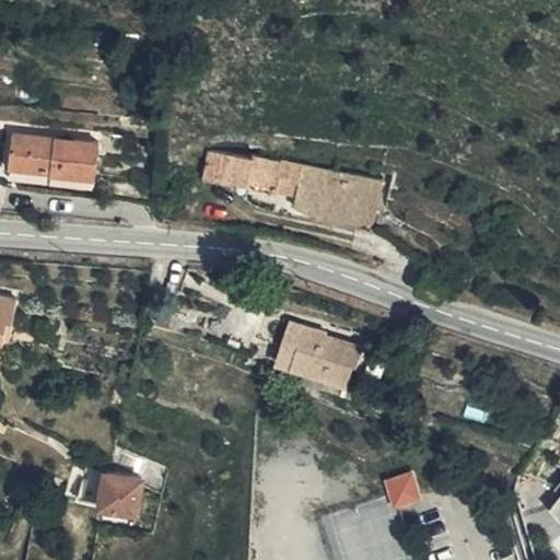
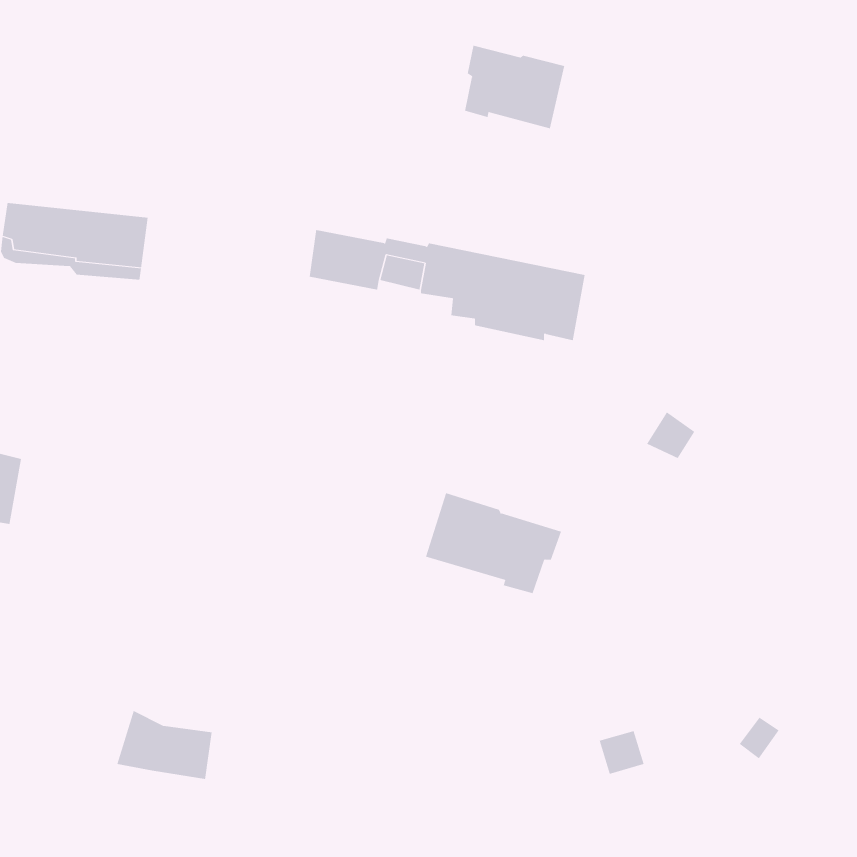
building: none -> [465,45,565,129]

